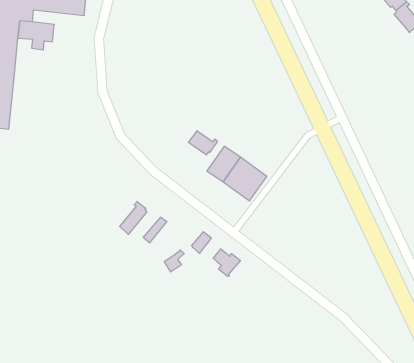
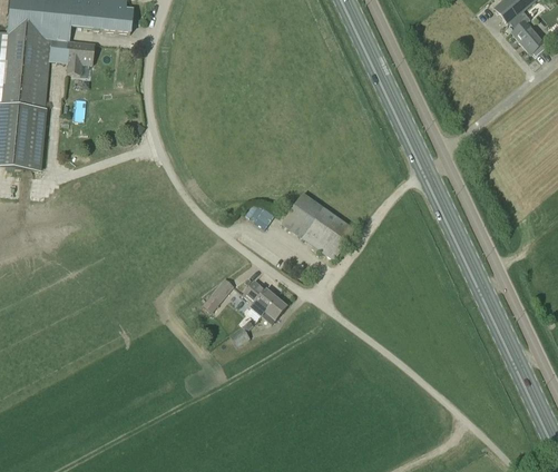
building: [188,131,217,155] -> none
building: [120,201,147,234] -> none
building: [213,249,240,276] -> [244,283,277,316]

